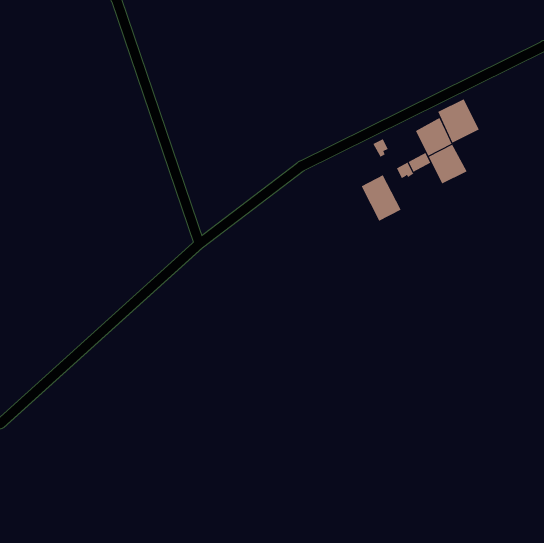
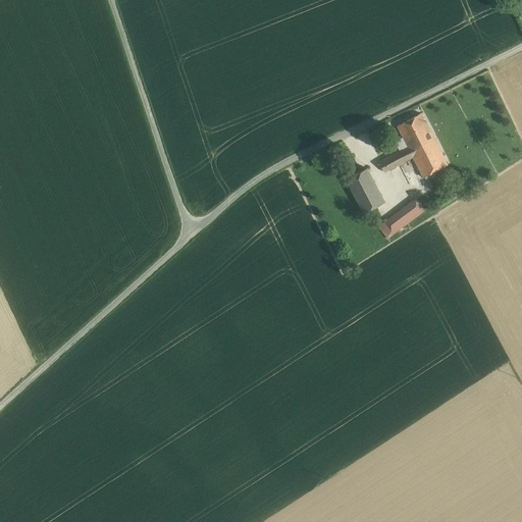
building: [437,99,480,143] -> none
building: none -> [378,198,424,237]

